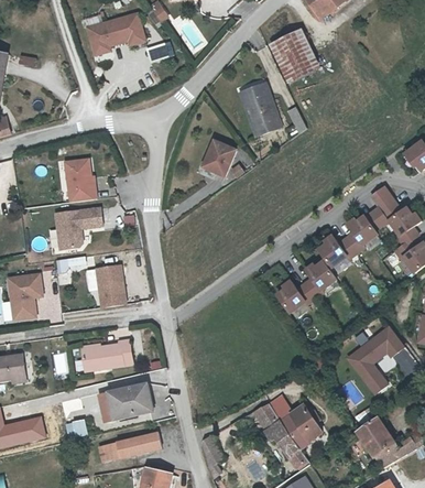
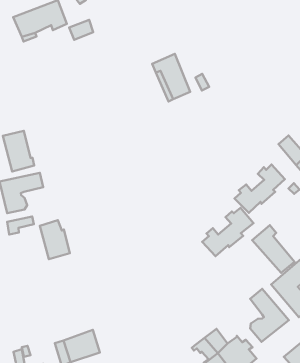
building: [266,35,309,83] -> none
building: [198,141,232,177] -> none
building: none -> [252,225,294,273]
building: [84,338,133,368] -> none
building: none -> [250,289,289,342]

